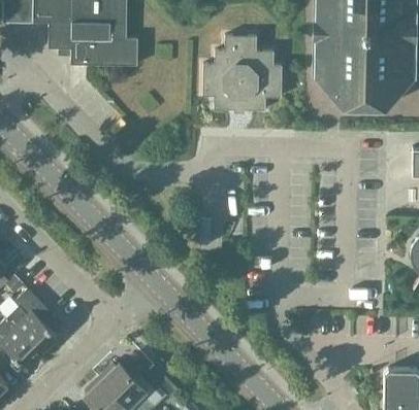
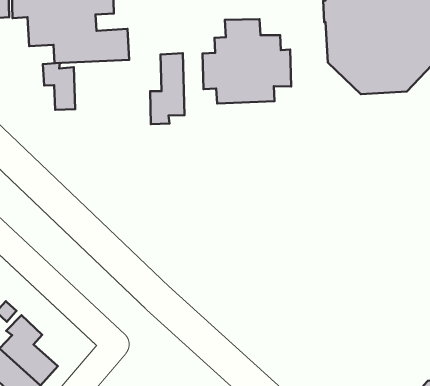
building: none -> [150,53,184,124]
building: none -> [43,63,75,110]

